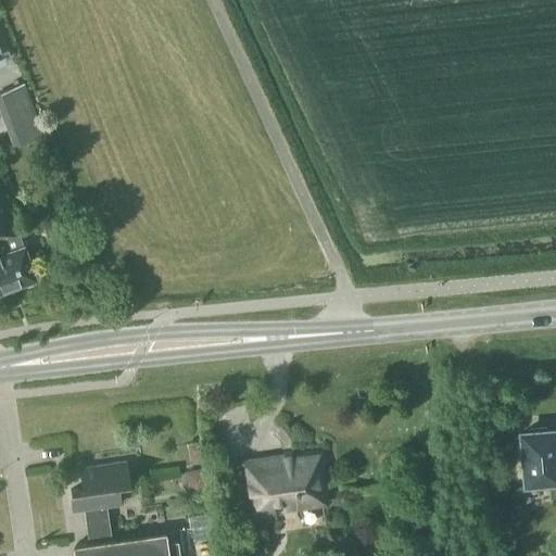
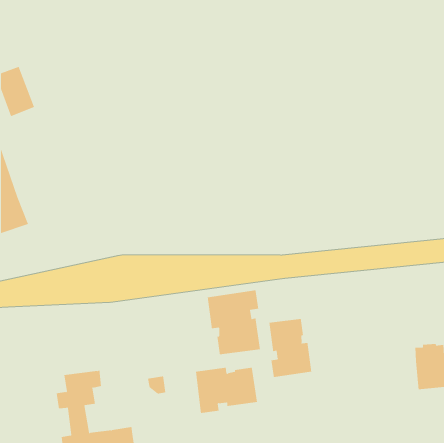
building: none -> [207,289,260,355]
building: none -> [269,318,312,378]

